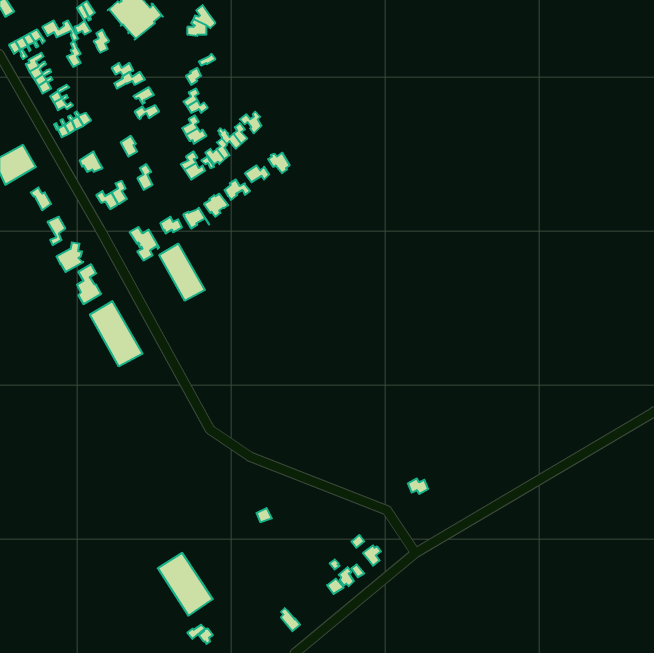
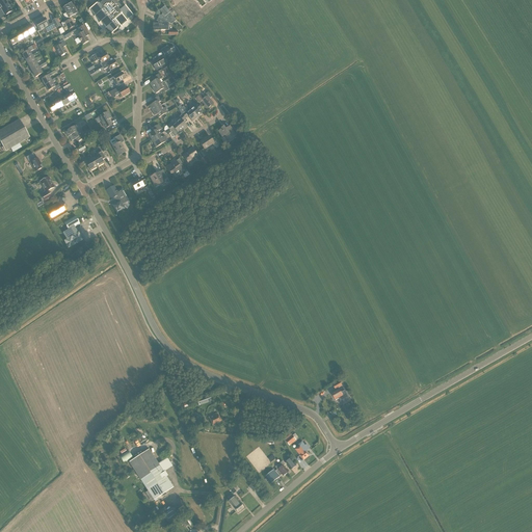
building: [159,244,205,301] -> none
building: [90,301,142,366] -> none

